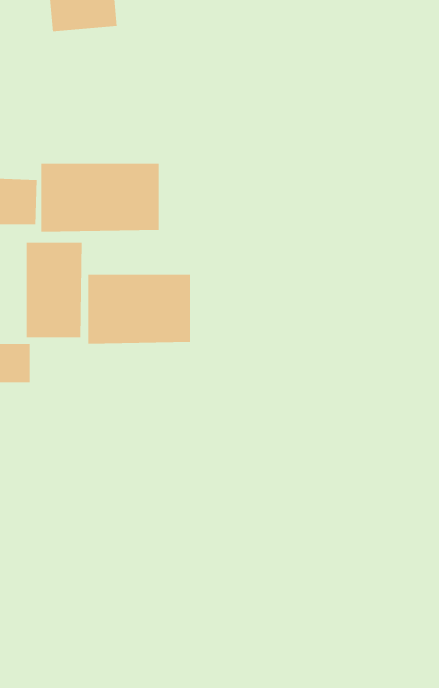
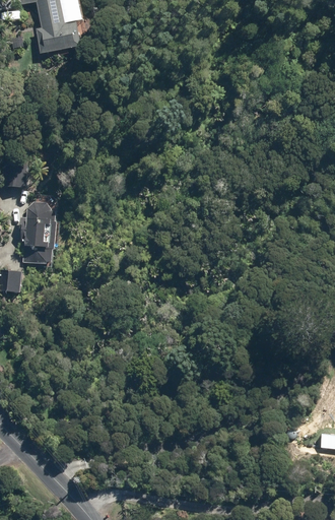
building: [41,163,159,232] -> none
building: [88,274,190,344] -> none

